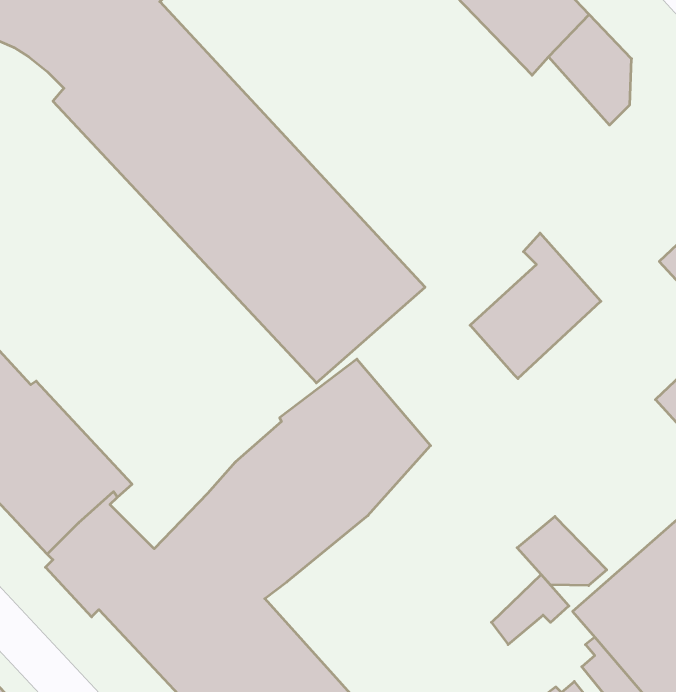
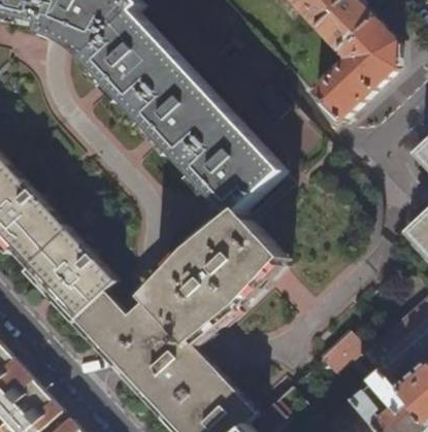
building: [470,233,601,379] -> [310,37,384,119]
building: [517,516,607,586] -> none

